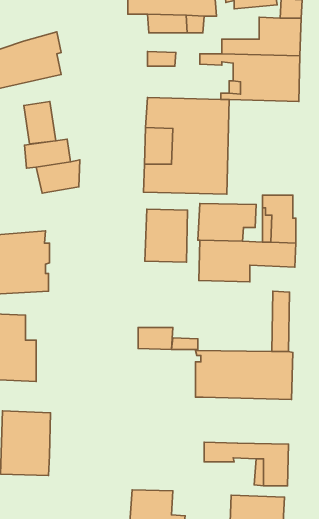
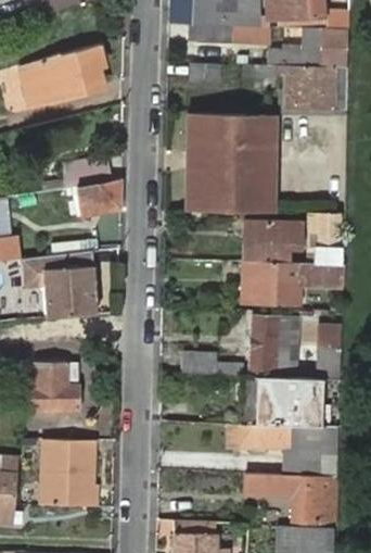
building: [24,102,56,144] -> none
building: [145,209,188,262] -> [252,316,296,372]
building: none -> [227,426,342,475]

